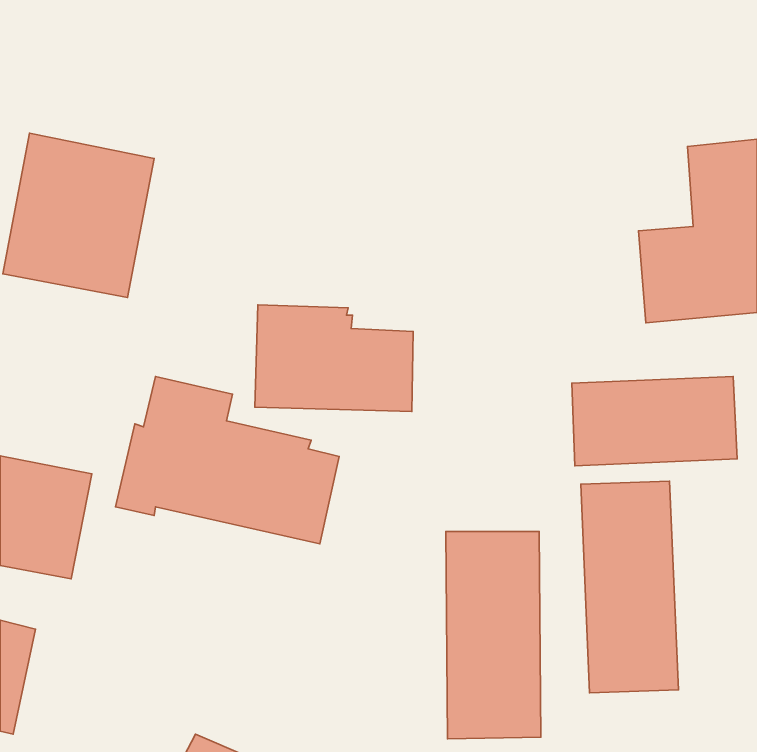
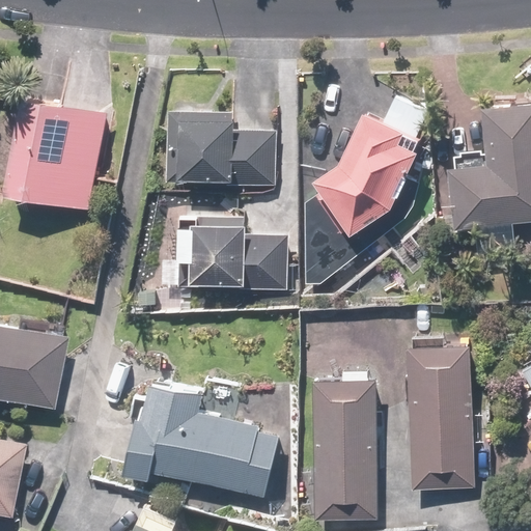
building: none -> [305,110,428,285]
building: none -> [167,112,278,187]
building: [572,376,737,466] -> none
building: [115,376,339,544] -> [122,381,279,498]

